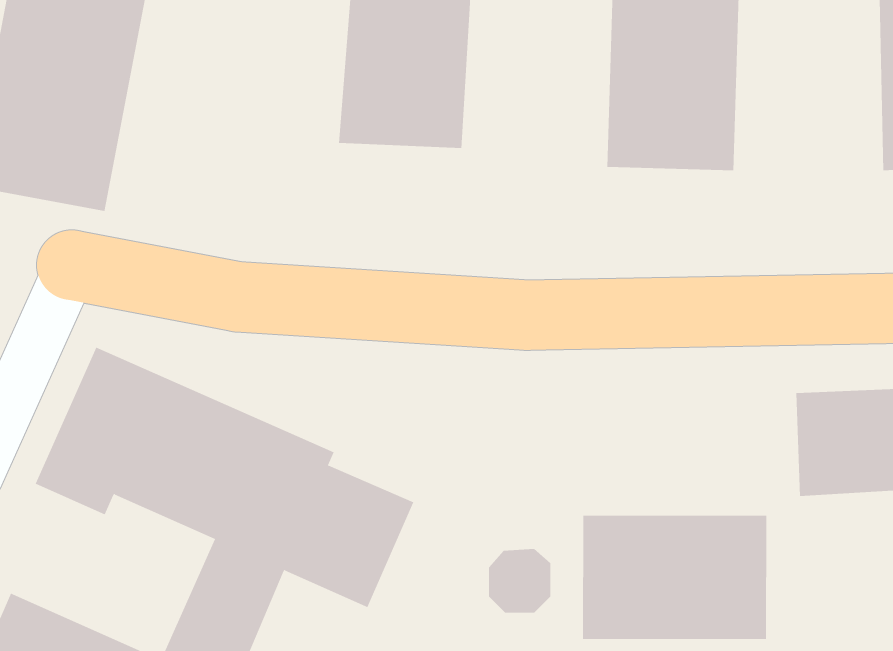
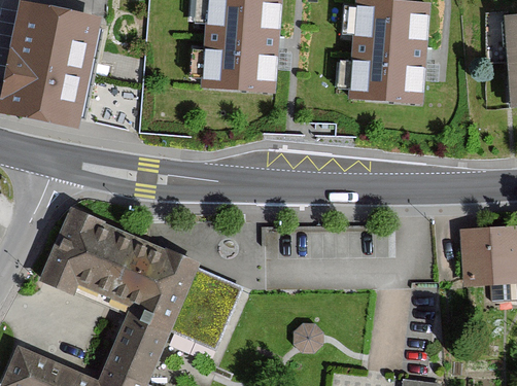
building: [583,515,767,640] -> none

